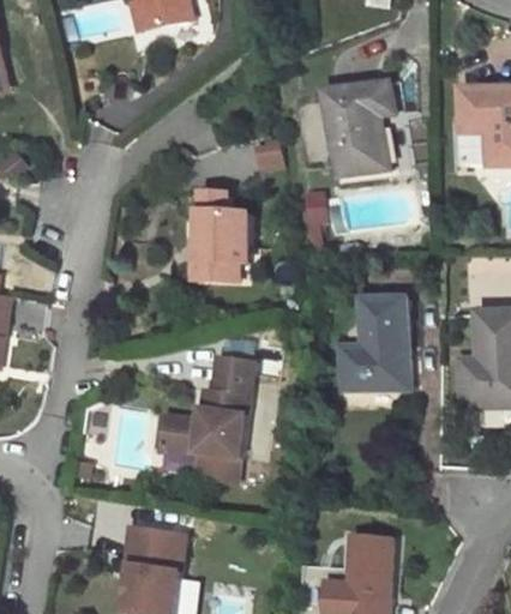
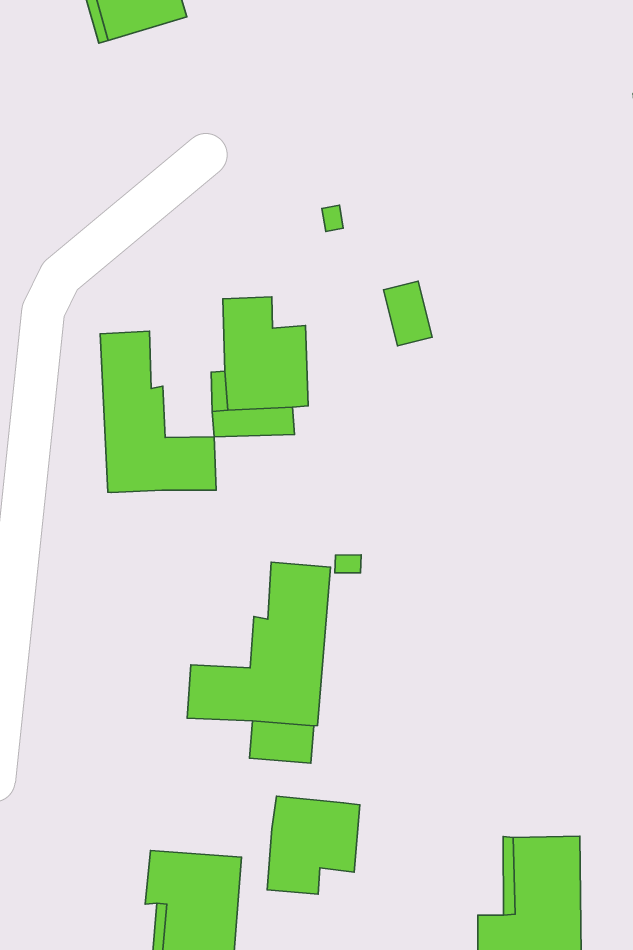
building: [326,82,393,175] -> none
building: none -> [100,331,216,493]
building: [342,297,408,390] -> none
building: none -> [267,796,360,894]

